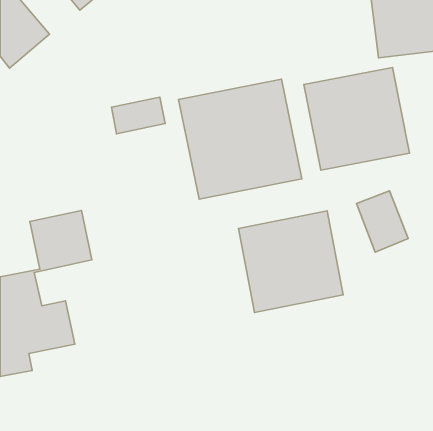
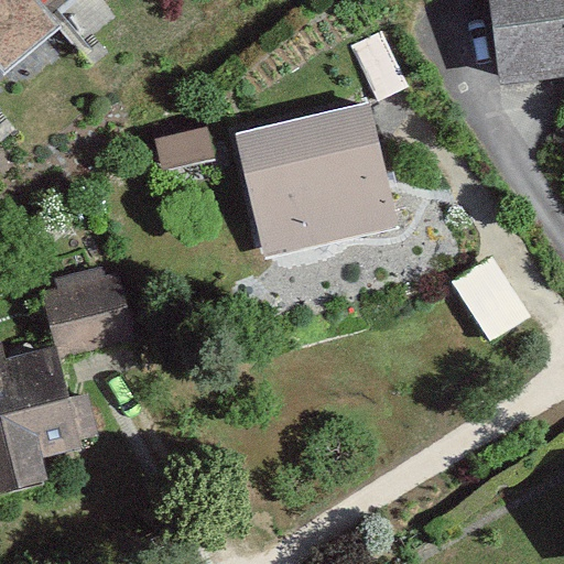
building: [304,67,409,170] -> none
building: [239,211,343,312] -> none

